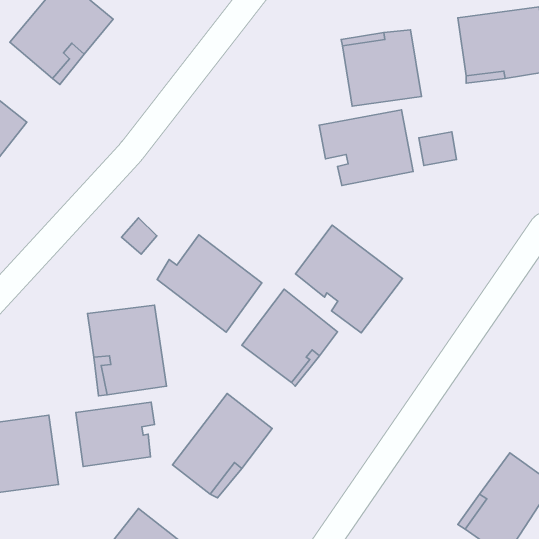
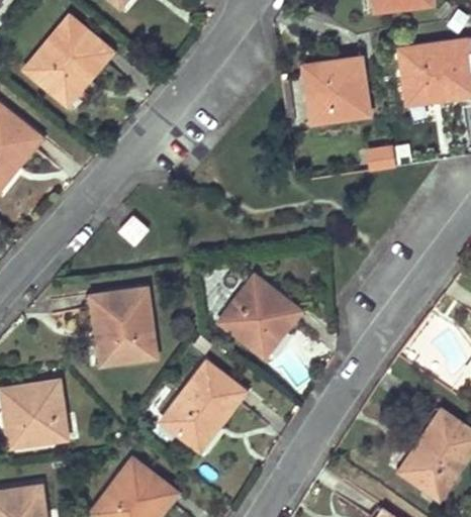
building: [319,110,413,185] -> none
building: [295,225,403,333] -> none
building: [157,235,262,332] -> none
building: [76,402,155,466] -> none

